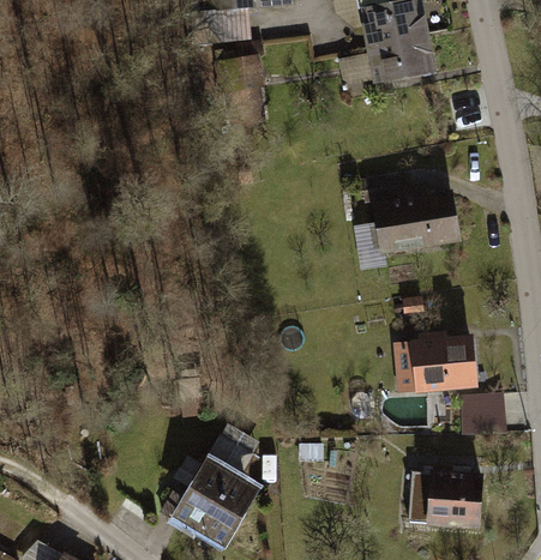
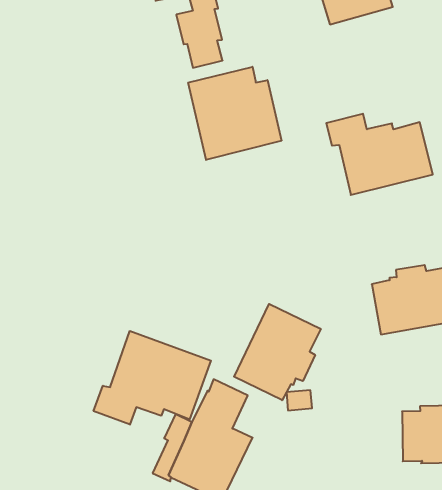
building: none -> [188,67,281,160]
building: none -> [234,304,321,400]
building: none -> [94,331,211,425]

